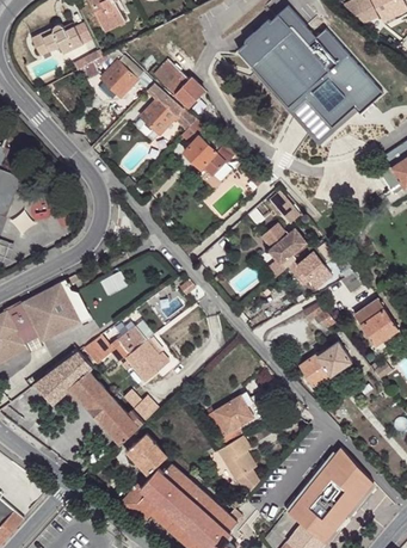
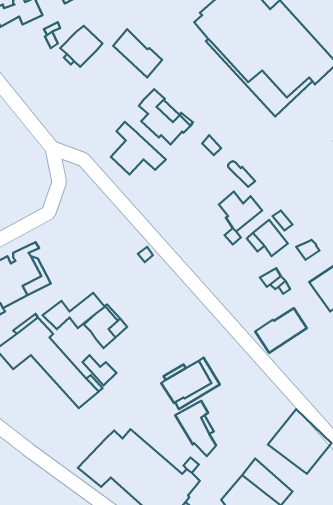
building: [140,81,196,135] -> [111,122,166,175]
building: [127,432,167,474] -> none
building: [298,480,351,528] -> none

